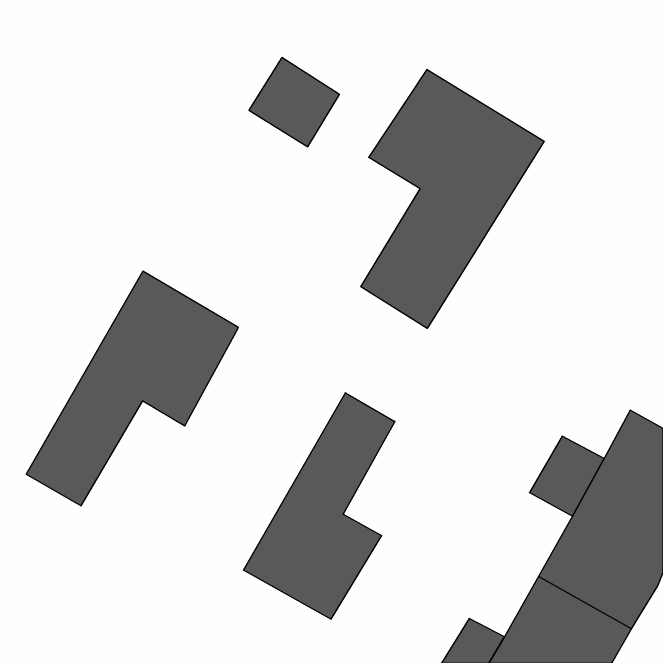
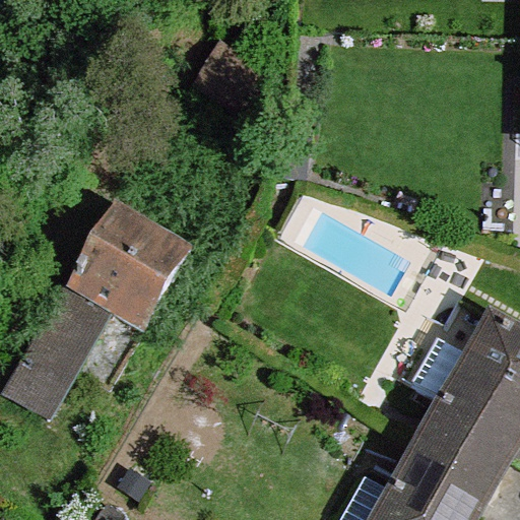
building: [361,69,544,328] -> none
building: [244,393,395,619] -> none

